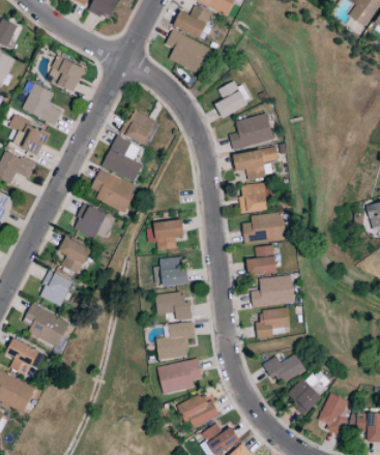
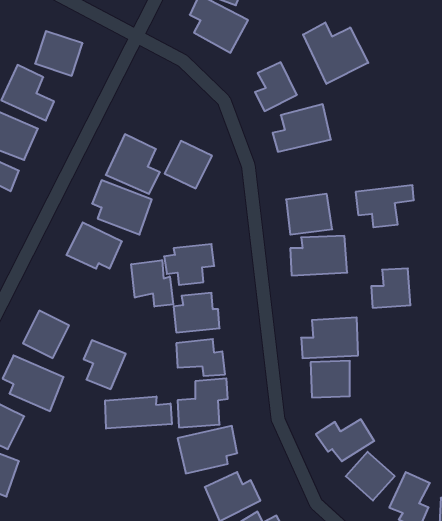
building: none -> [303,22,368,84]
building: [120,109,156,145] -> [165,141,212,188]
building: [234,148,279,180] -> [356,185,414,227]
building: none -> [131,260,173,307]
building: [59,237,91,274] -> [84,340,126,389]
building: [246,245,276,275] -> [371,268,411,308]
building: none -> [105,396,172,429]

